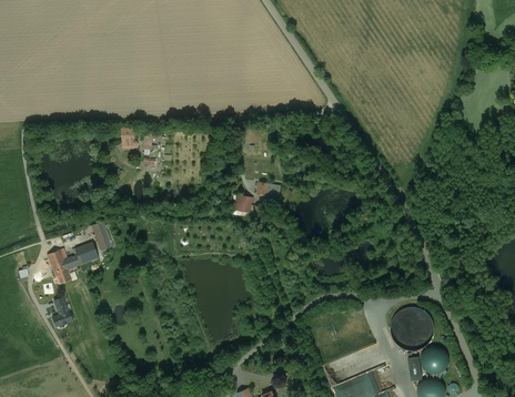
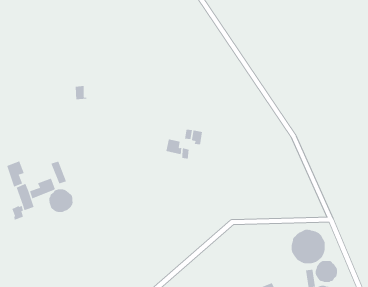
building: none -> [6,161,25,187]
building: none -> [49,188,73,213]

